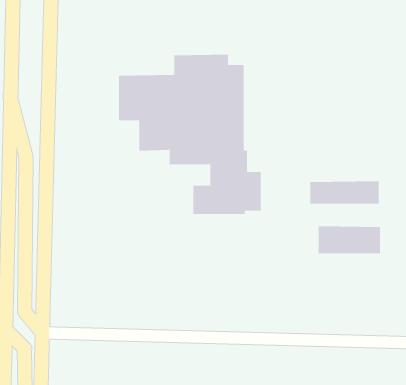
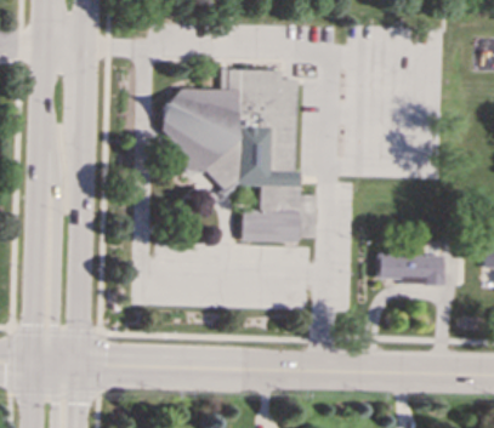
building: [310,180,379,205] -> none

